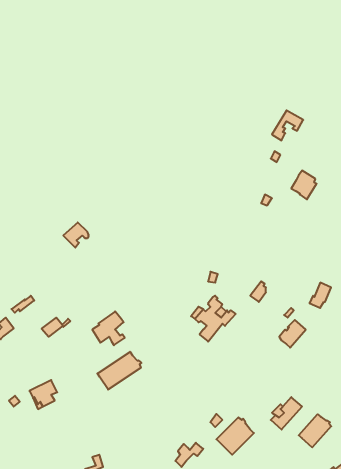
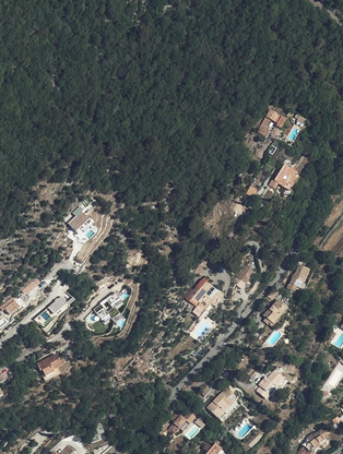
building: [97,352,141,390] -> none
building: [299,414,331,447] -> none

